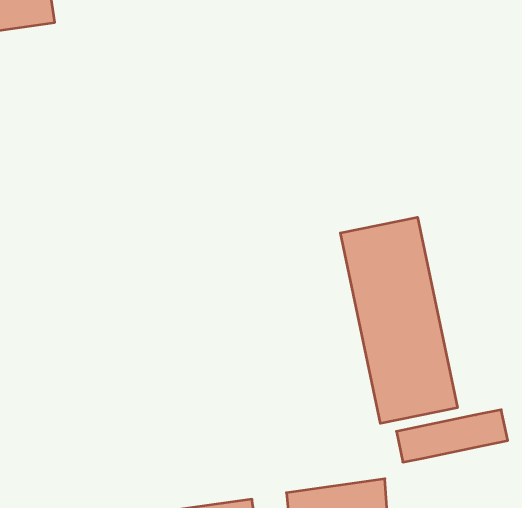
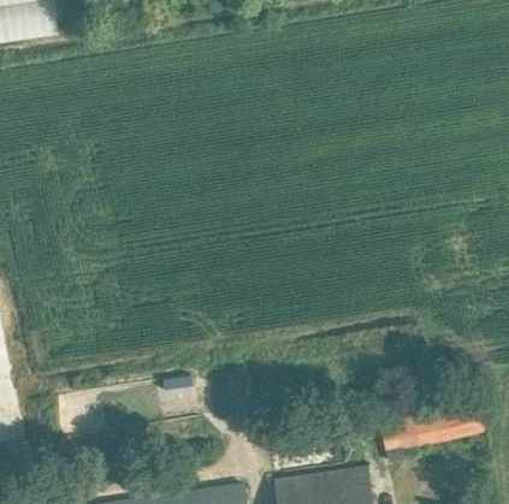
building: [340,217,457,423] -> none

